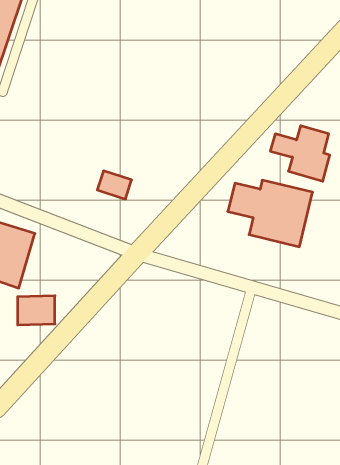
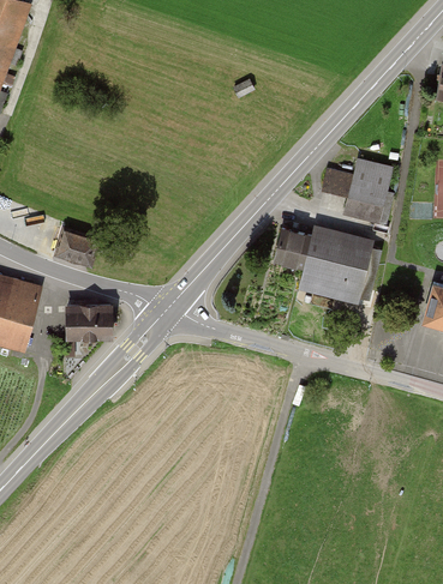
building: [97,171,132,199] -> [55,231,96,265]
building: [18,296,55,325] -> [67,301,112,336]

